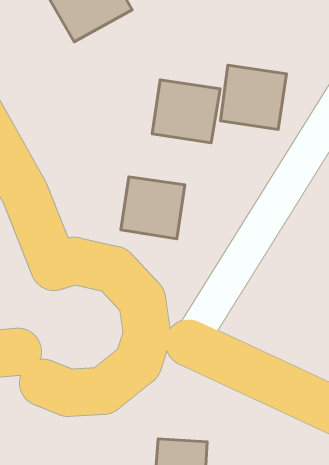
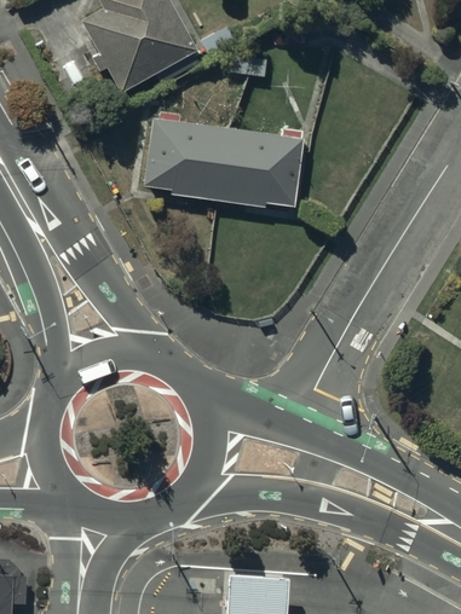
building: [220,65,287,129] -> none
building: [121,177,185,239] -> [152,126,230,201]

